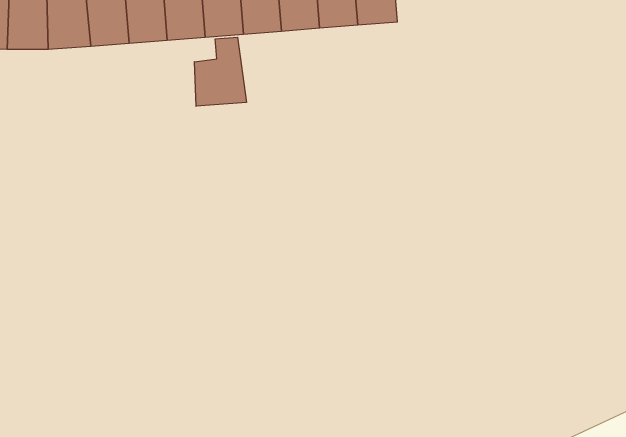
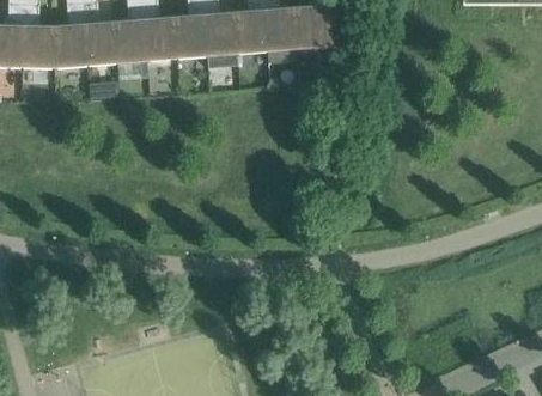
building: [194,37,246,106] -> none

